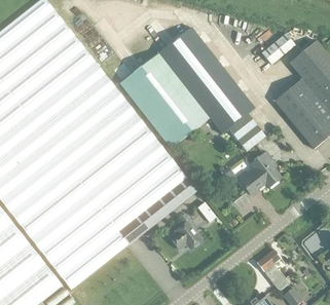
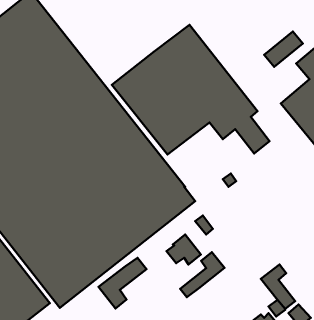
building: [236,153,281,195] -> none
building: none -> [180,252,224,297]
building: none -> [98,258,147,308]

